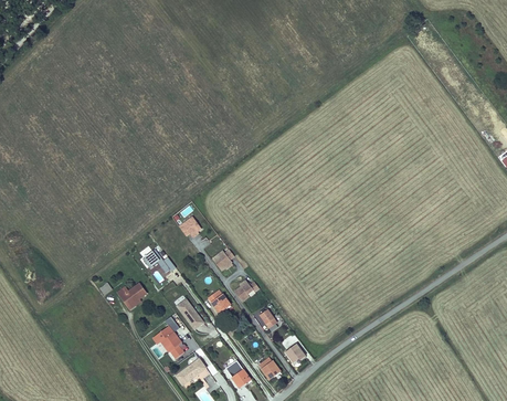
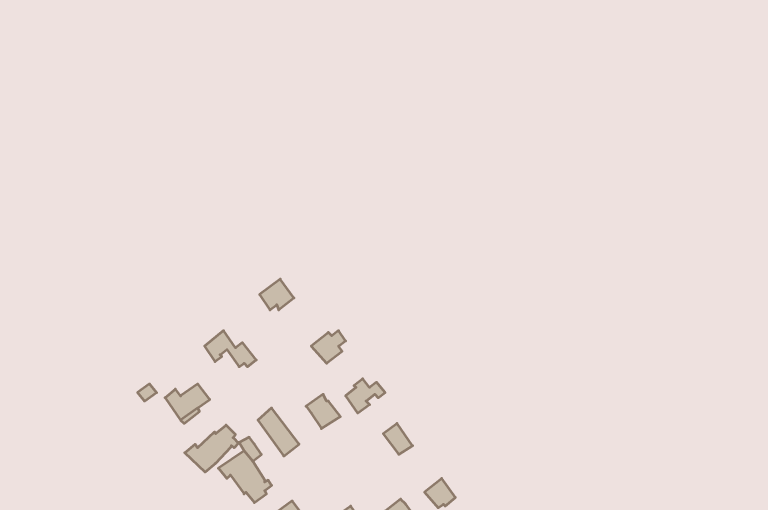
building: none -> [185,425,238,472]

